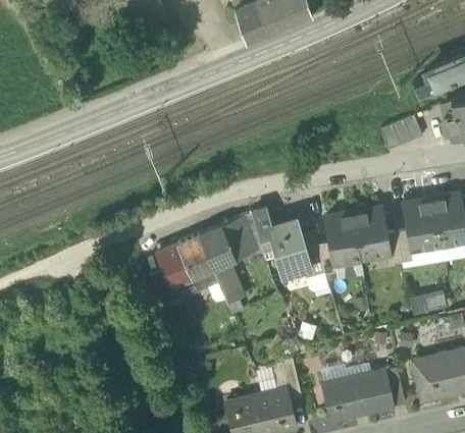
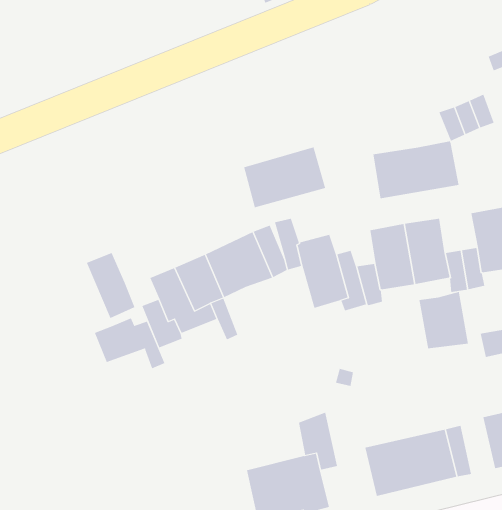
building: none -> [373,141,459,199]
building: none -> [243,146,326,208]
building: none -> [86,252,135,319]
building: [213,261,244,304] -> none
building: none -> [419,291,468,349]
building: none -> [94,317,165,369]

